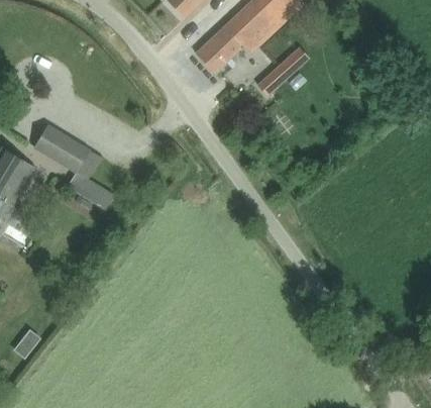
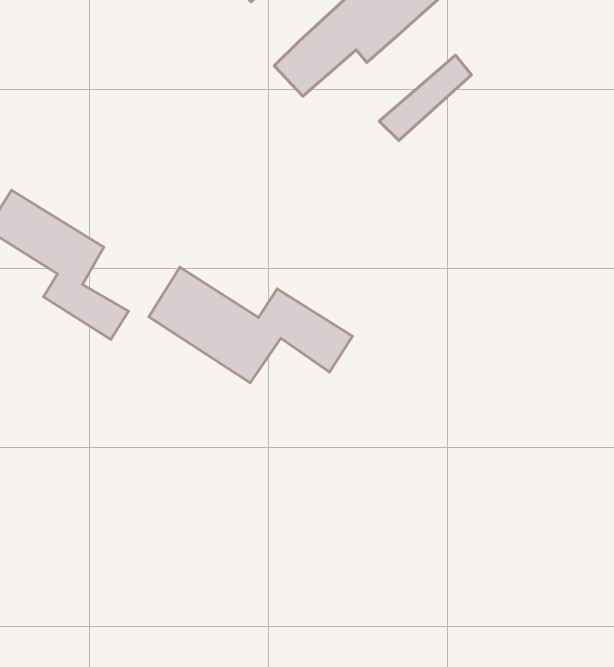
building: none -> [149,267,352,383]

